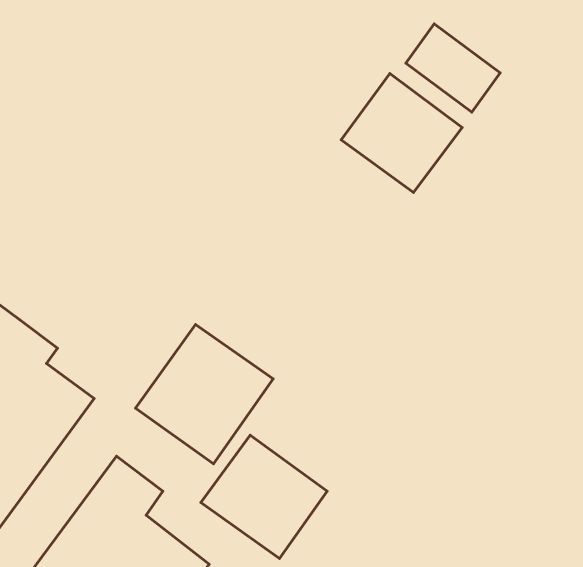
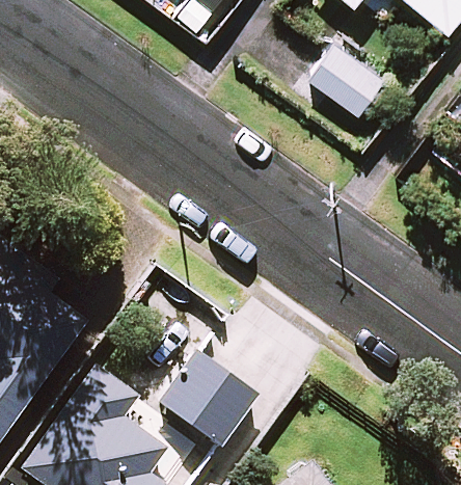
building: [341,73,462,192] -> none
building: [135,324,273,464] -> none

